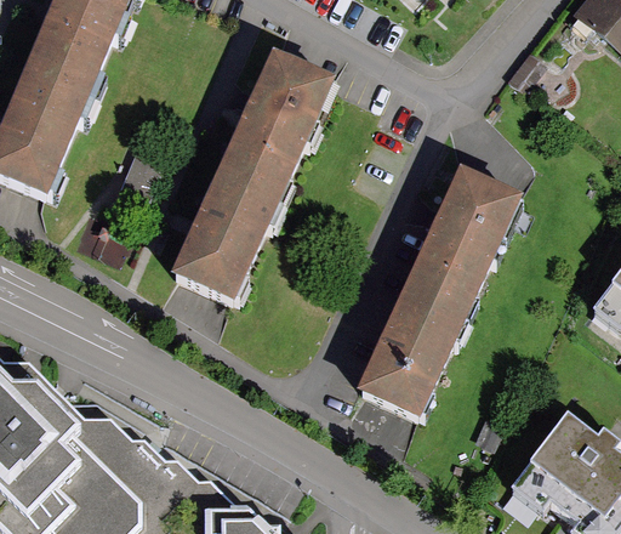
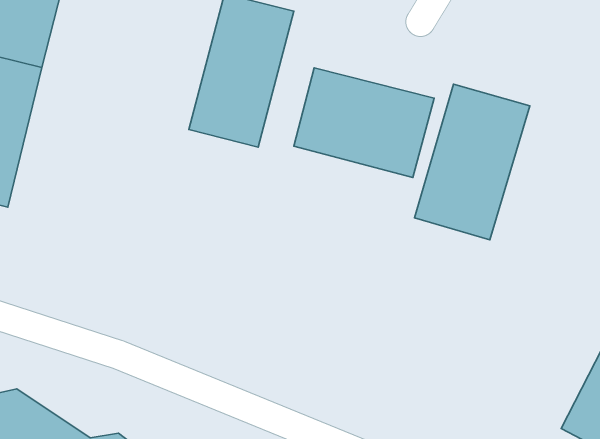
building: none -> [294,68,434,177]
building: [167,159,280,302] -> none
building: [357,274,478,420] -> none

